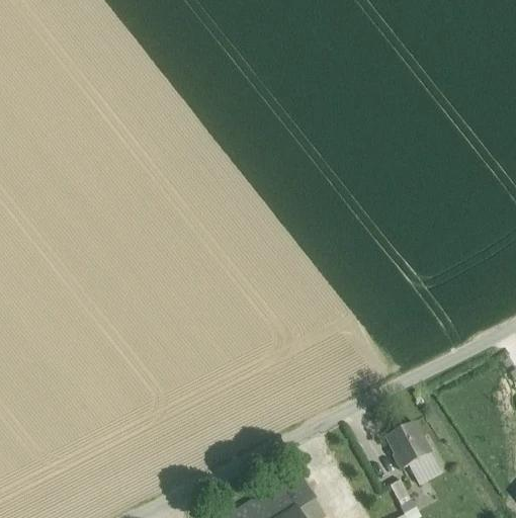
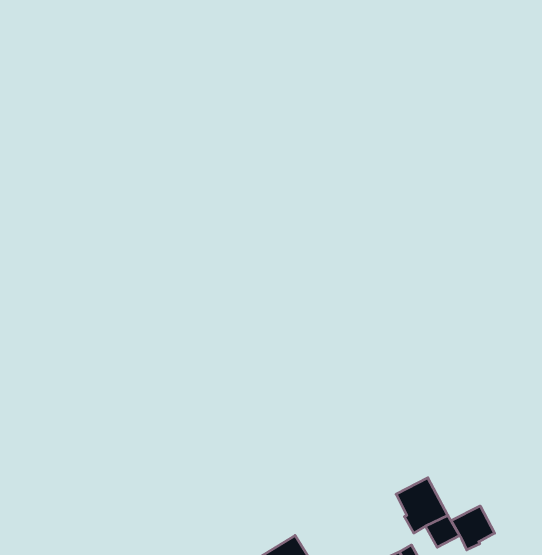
building: none -> [451,506,495,550]

